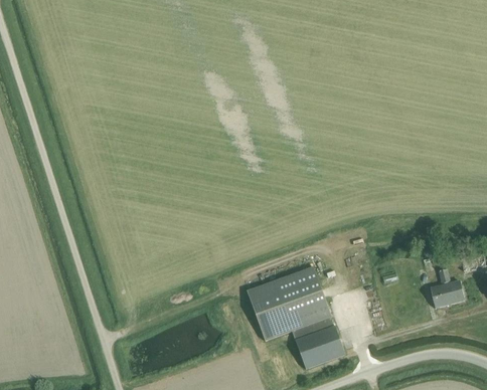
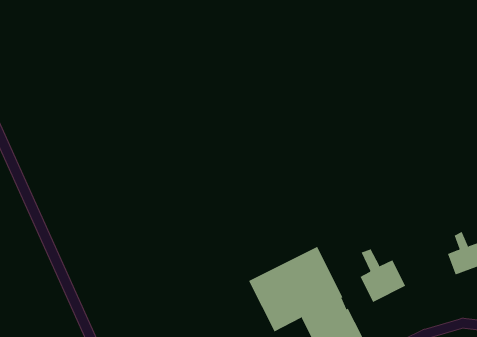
building: none -> [360,249,406,303]

